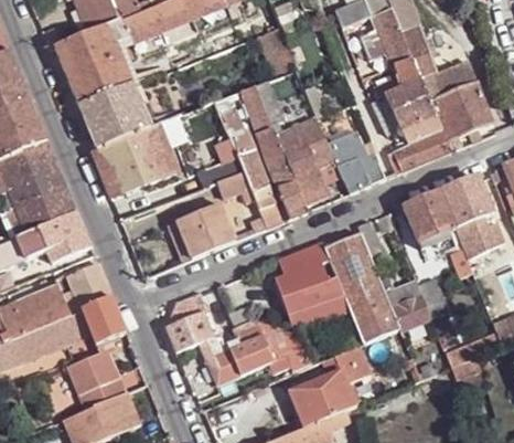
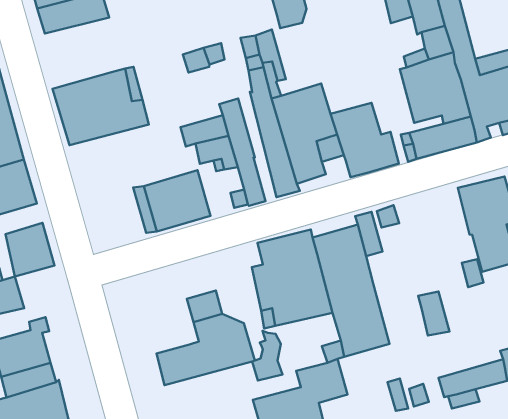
building: [79,84,139,147] -> none
building: [403,190,456,246] -> none
building: [378,275,429,328] -> none
building: [164,292,214,354] -> none
building: [79,296,126,346] -> none

